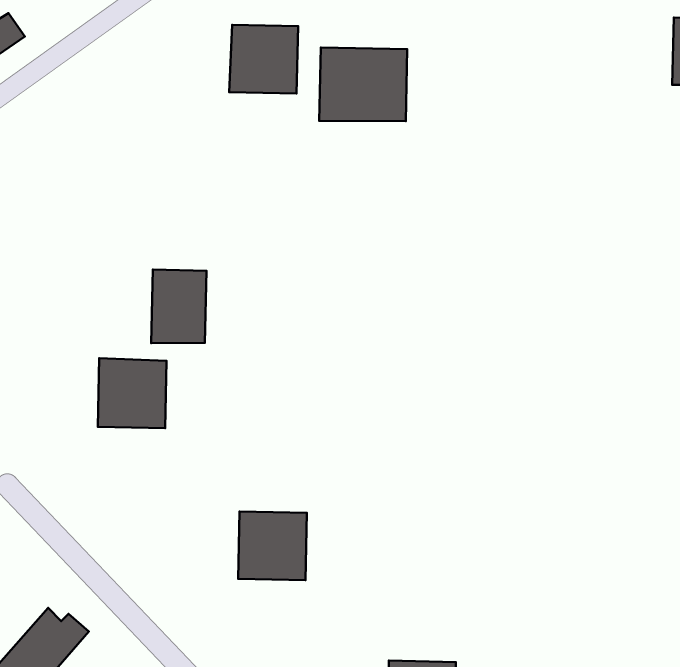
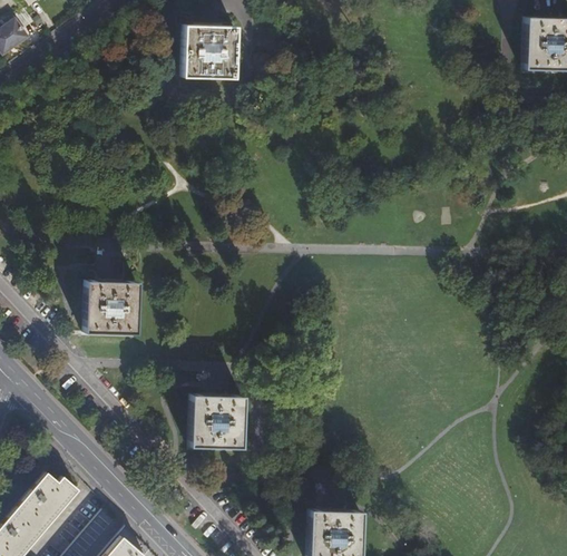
building: [319,47,407,121] -> none
building: [151,270,207,343] -> none

